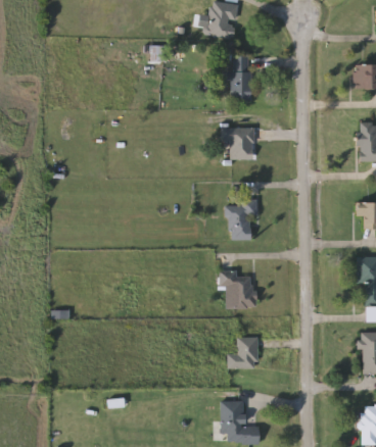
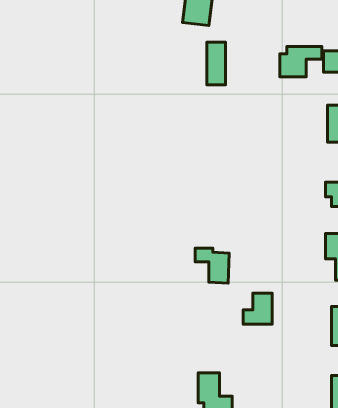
building: none -> [280,46,322,77]
building: [222,128,254,159] -> none
building: [227,198,256,239] -> none
building: [227,337,257,369] -> [243,293,272,324]

